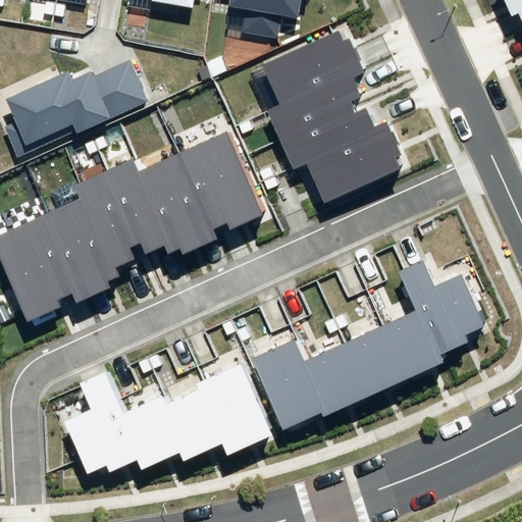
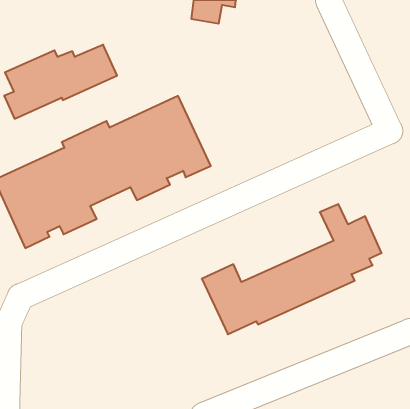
building: [261,30,404,202] -> none
building: [64,364,274,472] -> none

